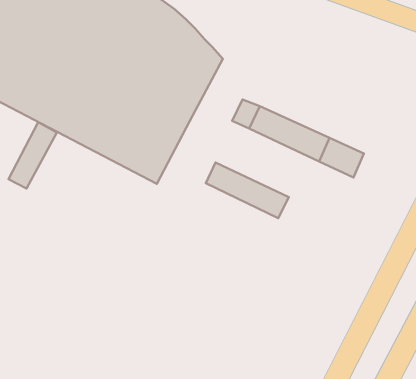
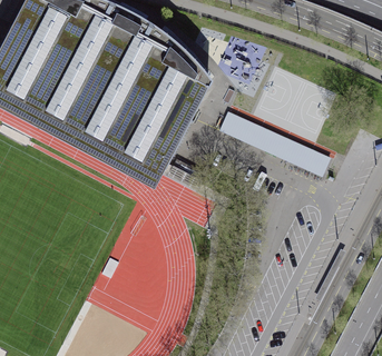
building: [9,122,57,188] -> none
building: [206,163,289,218] -> none

